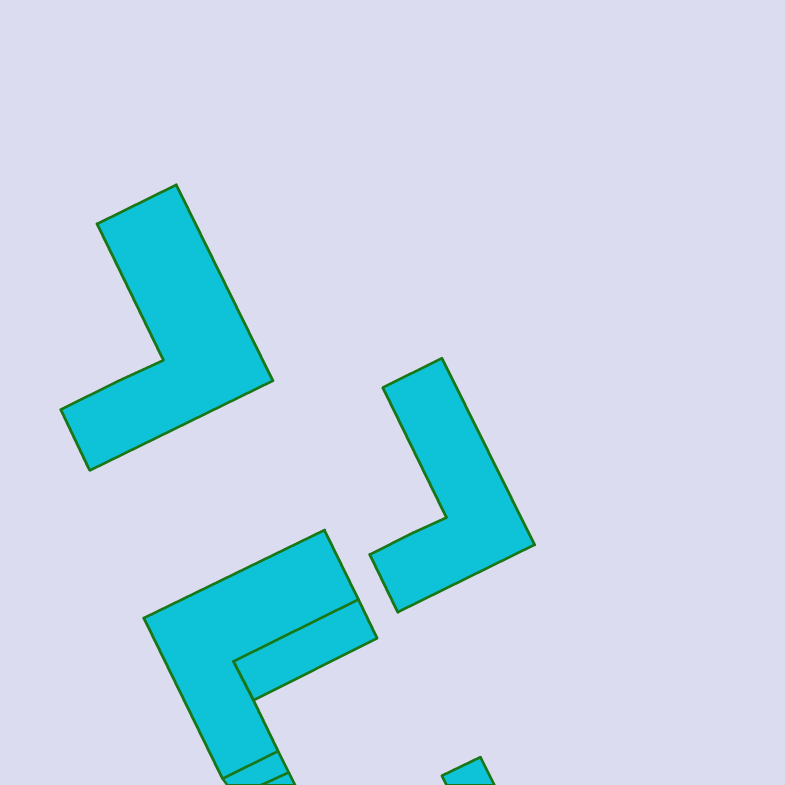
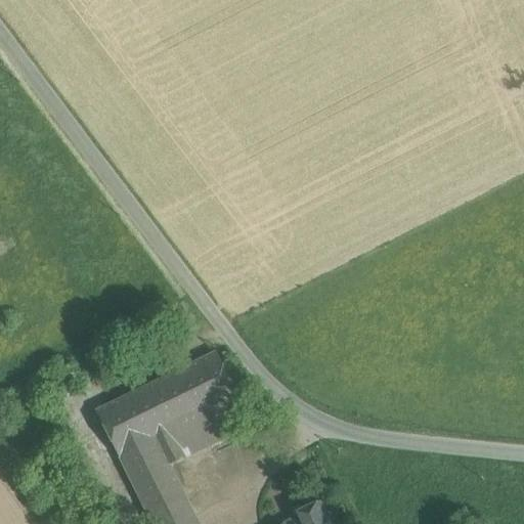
building: [61,185,273,470] -> none
building: [370,358,535,612] -> none

